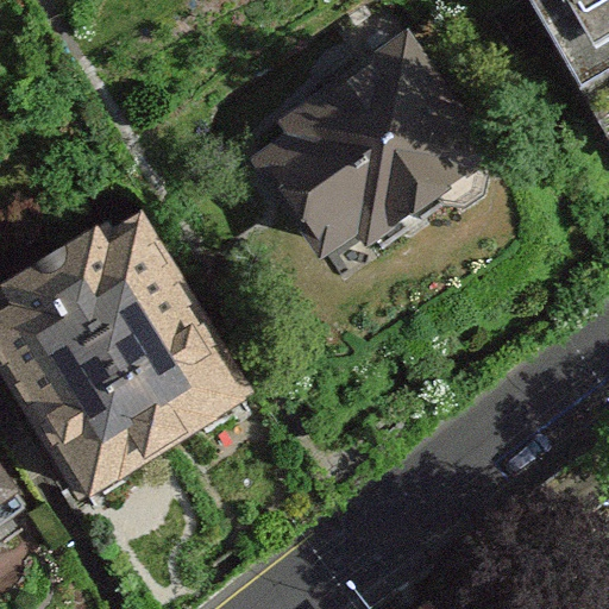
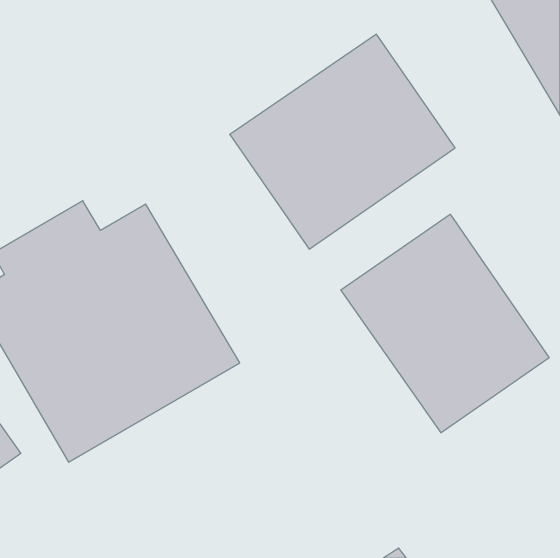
building: none -> [341,214,549,433]

